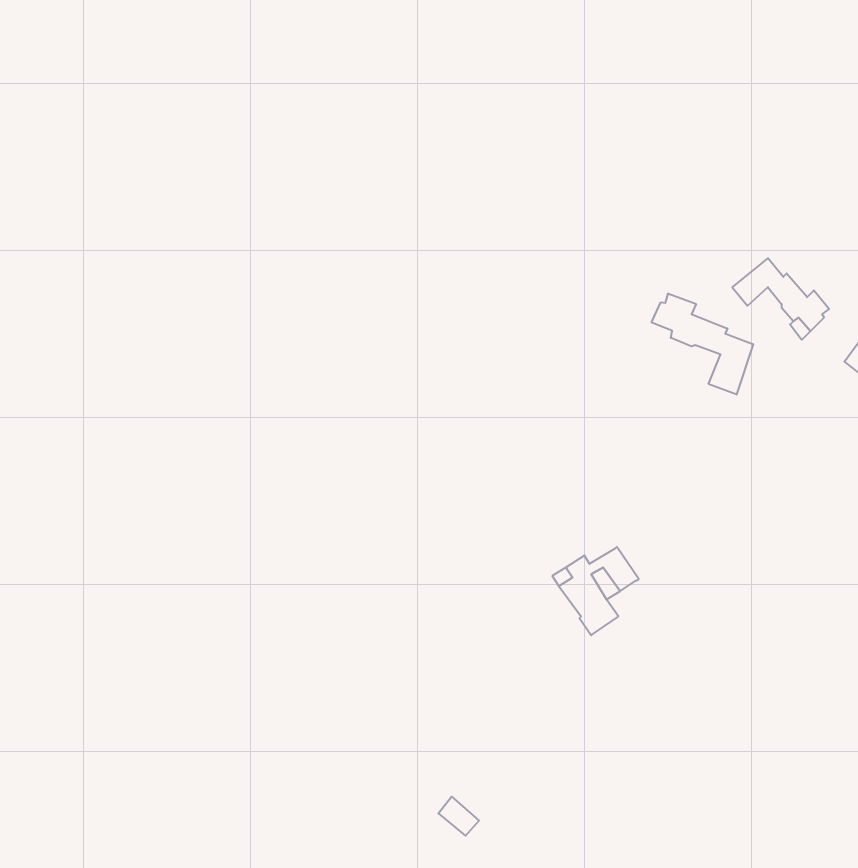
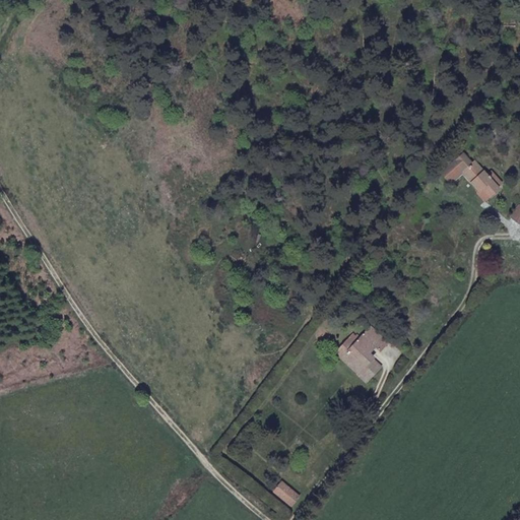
building: [652,293,753,395] -> none

